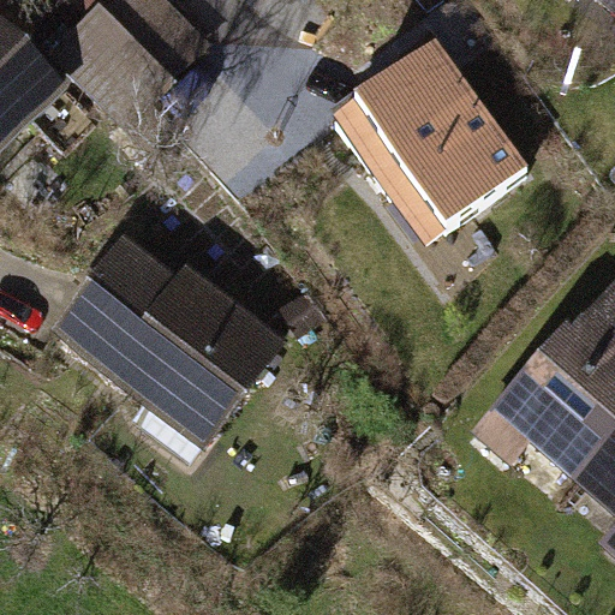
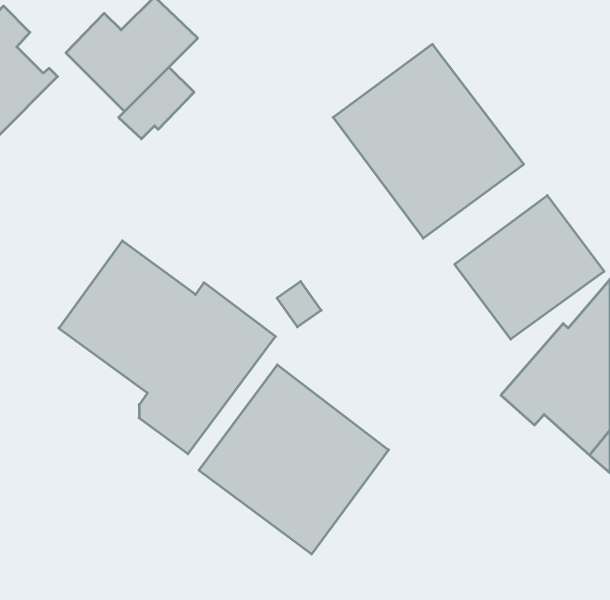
building: none -> [455,195,604,339]
building: none -> [199,365,389,554]

